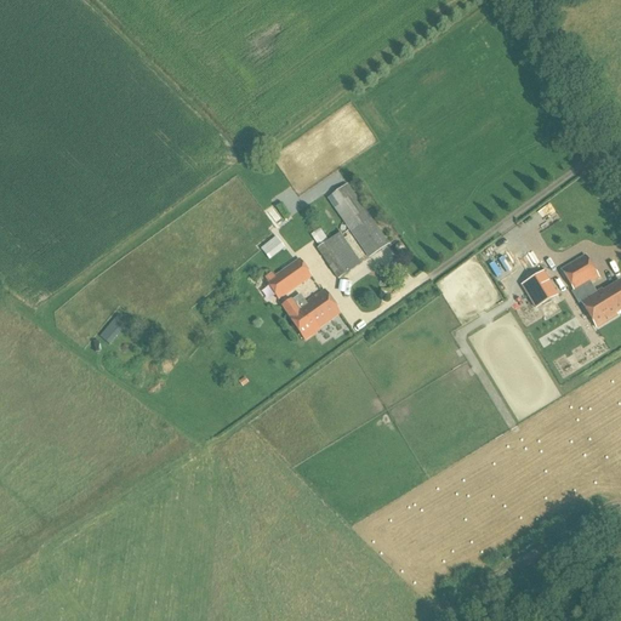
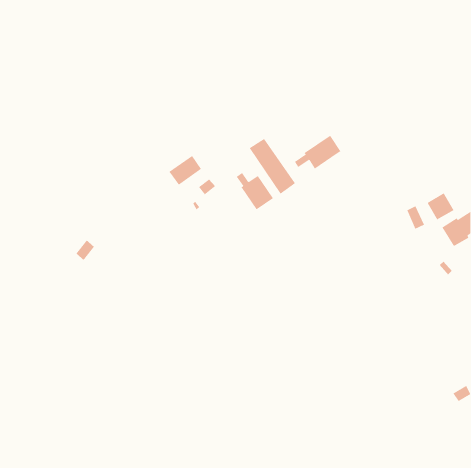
building: none -> [294,135,341,169]
building: [267,257,310,297] -> [169,155,202,186]
building: [281,287,341,338] -> none

